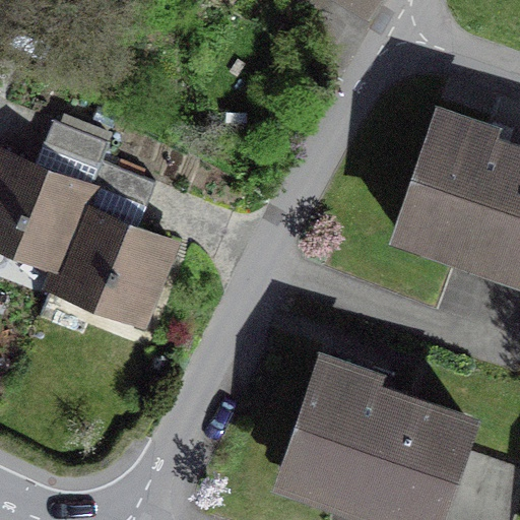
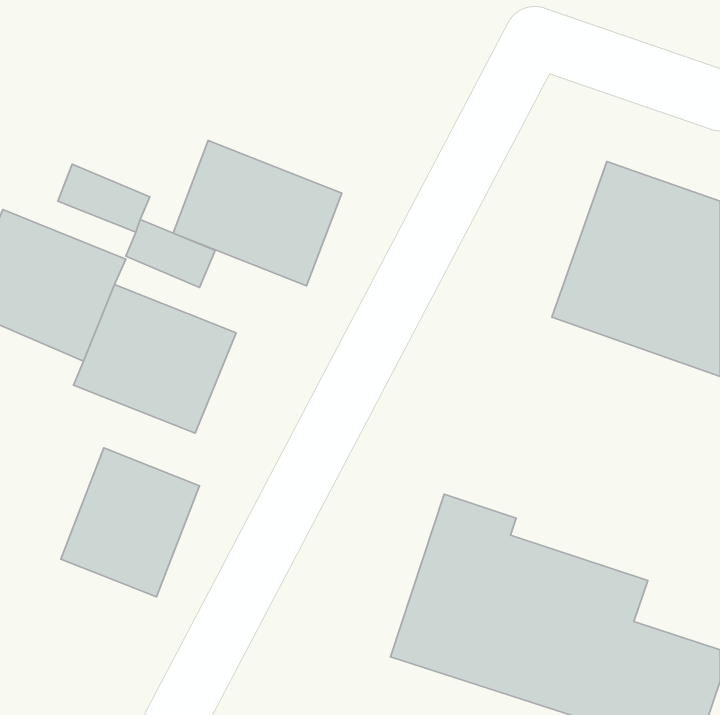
building: none -> [173,140,342,286]
building: none -> [61,448,199,597]

